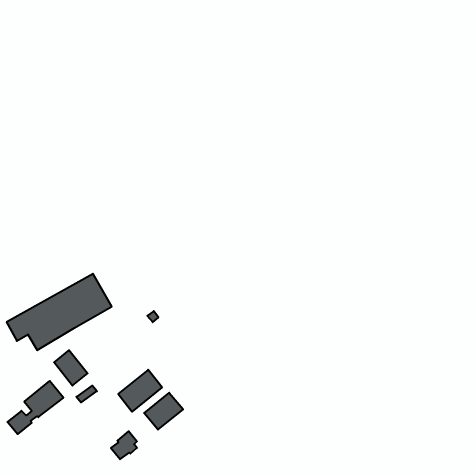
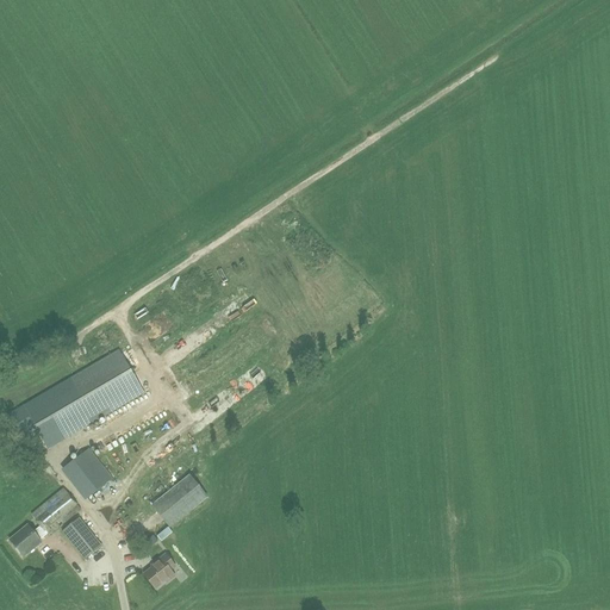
building: [144,393,183,430] -> none
building: none -> [62,517,102,558]

